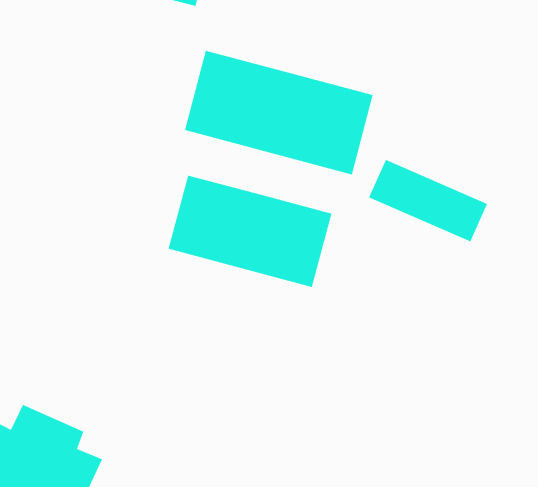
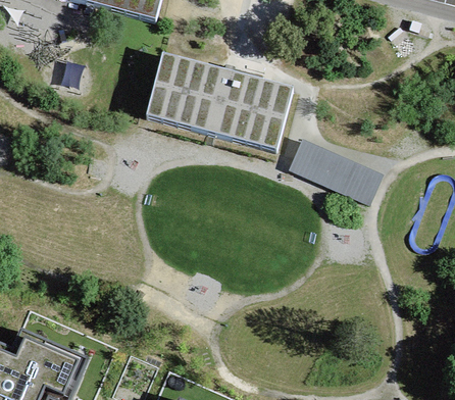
building: [168,175,332,288] -> none

